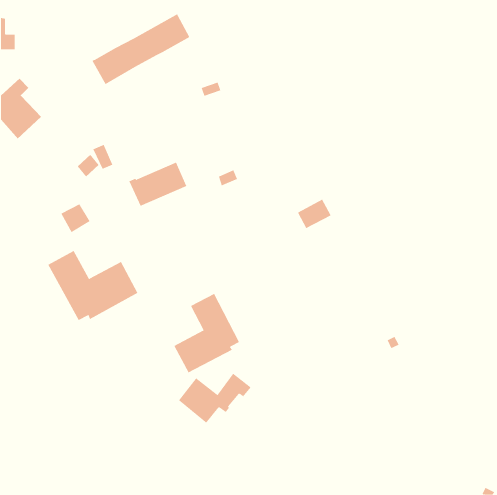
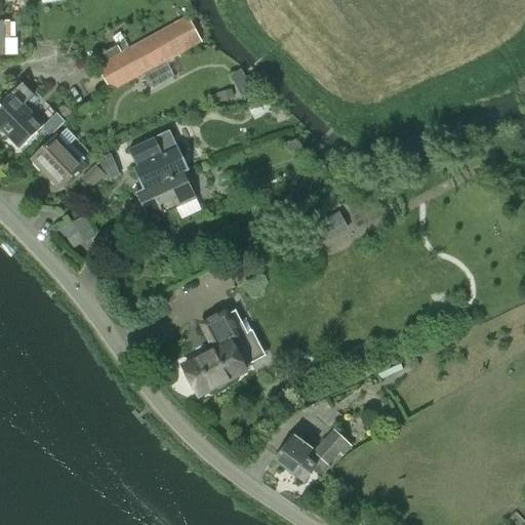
building: none -> [31,126,85,187]
building: none -> [129,133,191,189]
building: [47,250,138,321] -> none
building: [178,373,251,423] -> [275,428,352,481]

